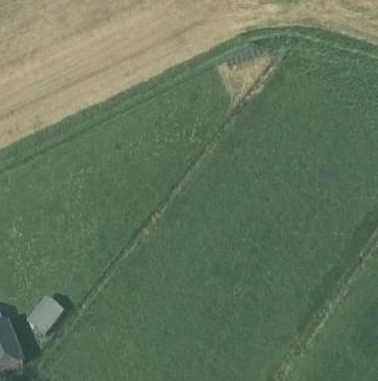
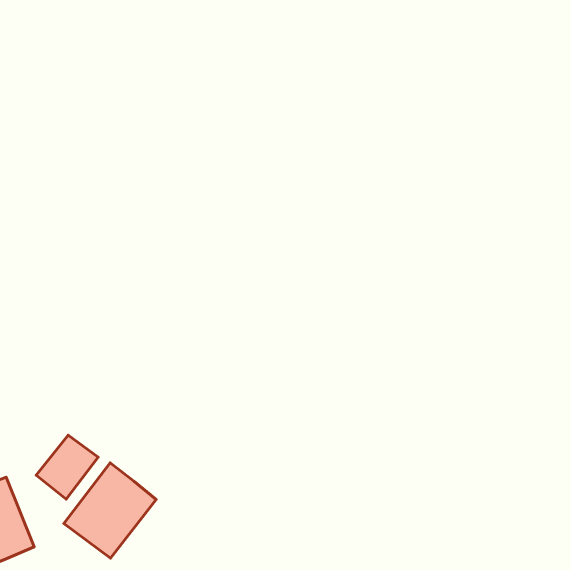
building: none -> [64,463,156,558]

